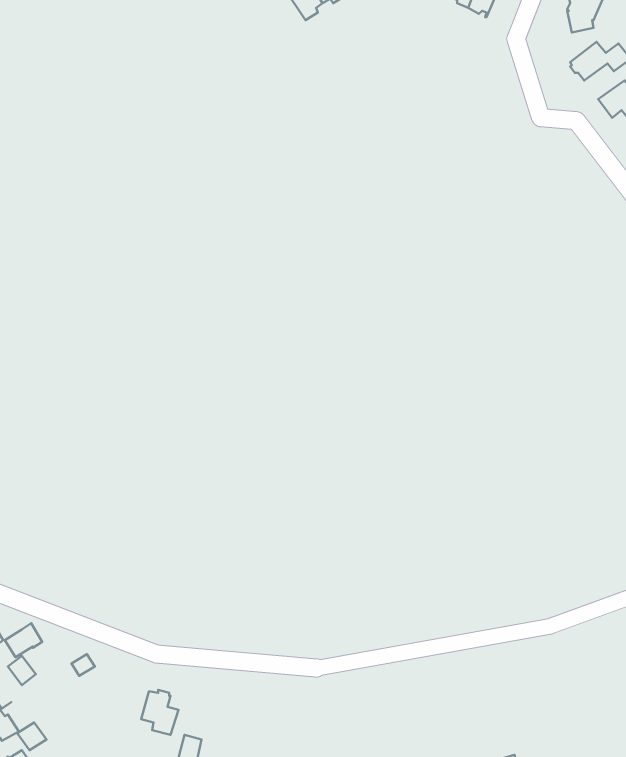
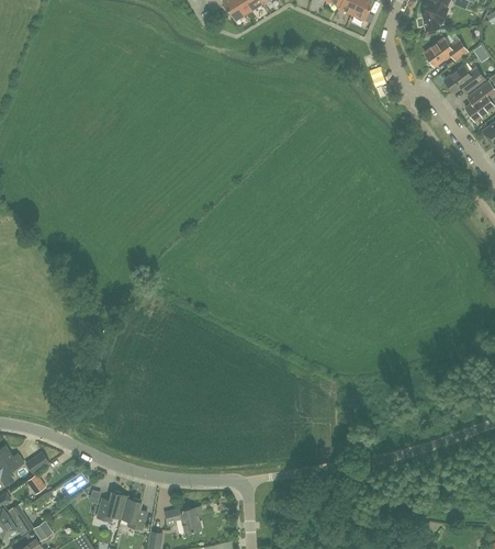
building: none -> [97,491,126,522]
building: none -> [164,507,200,534]

